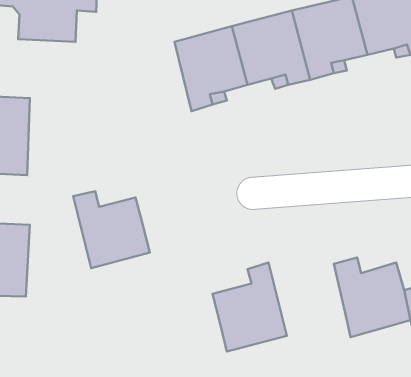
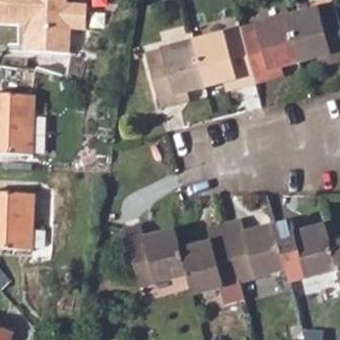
building: [73,191,150,268] -> [122,223,182,284]
building: none -> [220,218,282,281]

